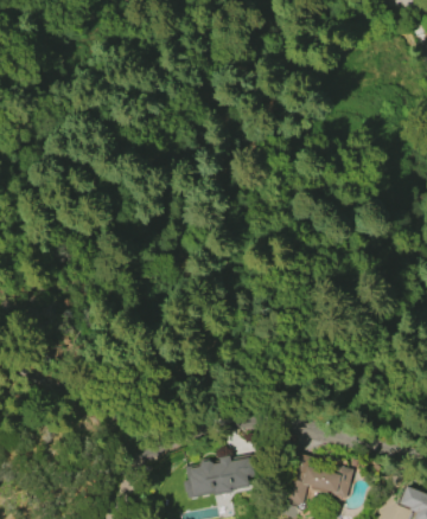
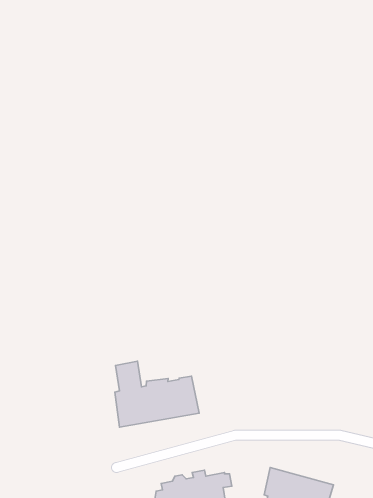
building: none -> [115,361,199,427]

